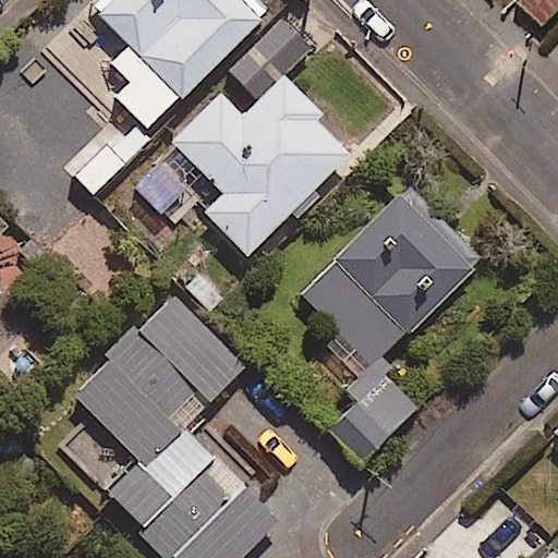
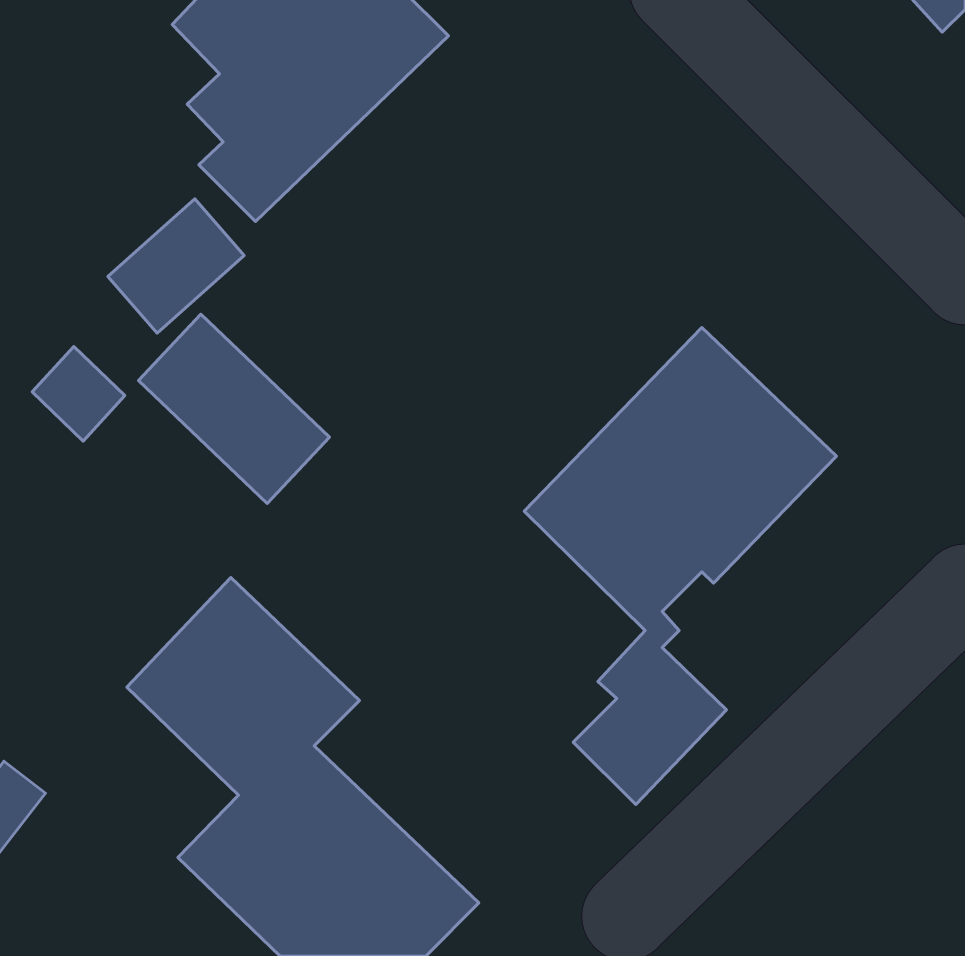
building: [170,20,347,256] -> none
building: [133,294,243,403] -> [138,314,330,503]

